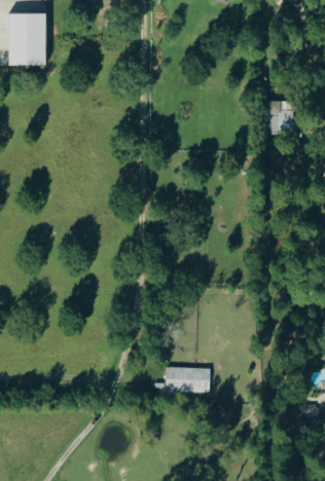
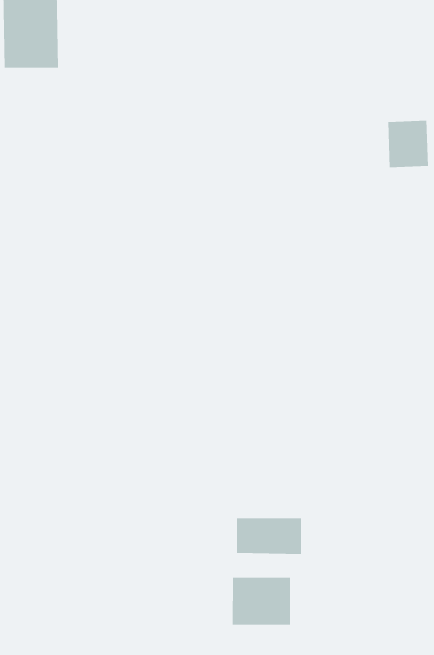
building: none -> [232,577,291,625]

